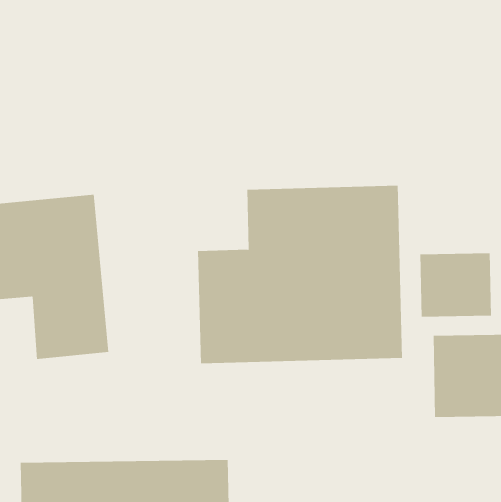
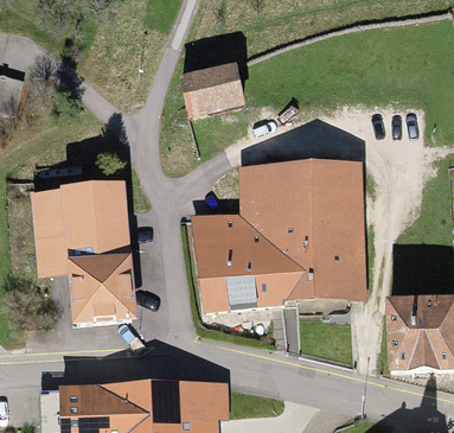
building: none -> [181,68,236,112]
building: [420,252,491,318] -> none

